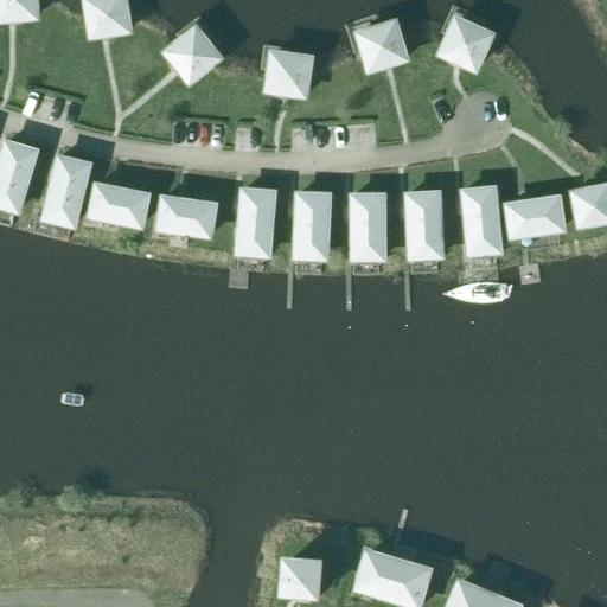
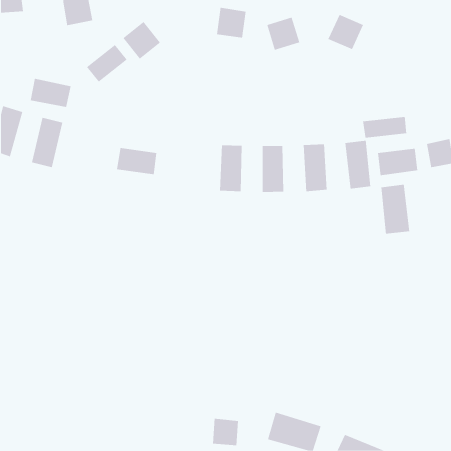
building: [268,52,308,94] -> [216,7,247,38]
building: none -> [86,44,127,83]
building: none -> [363,116,407,139]
building: [91,184,147,223] -> [30,78,71,107]
building: [238,190,273,254] -> none
building: none -> [381,184,410,235]

